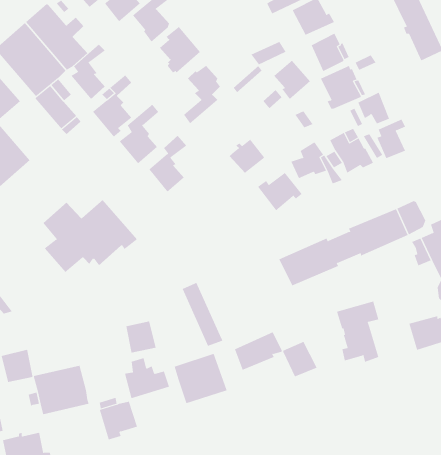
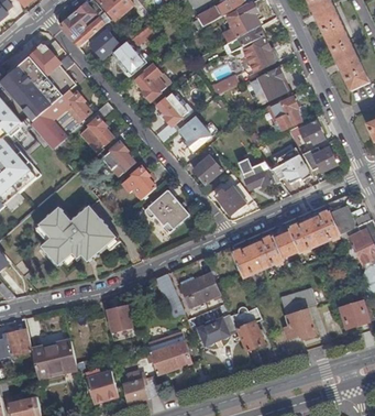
building: [273,60,311,100] -> [178,118,209,151]
building: none -> [143,190,189,231]
building: none -> [179,273,220,307]
building: [124,357,170,399] -> [121,370,158,404]

